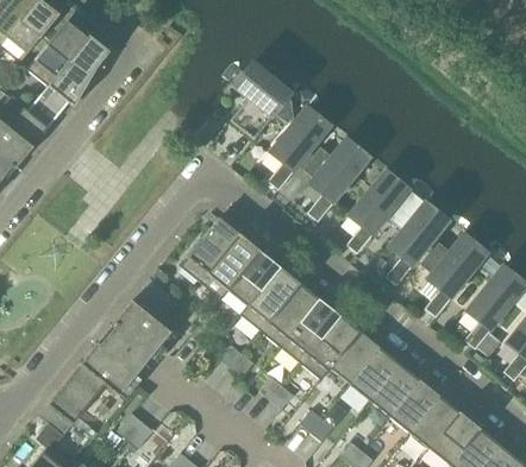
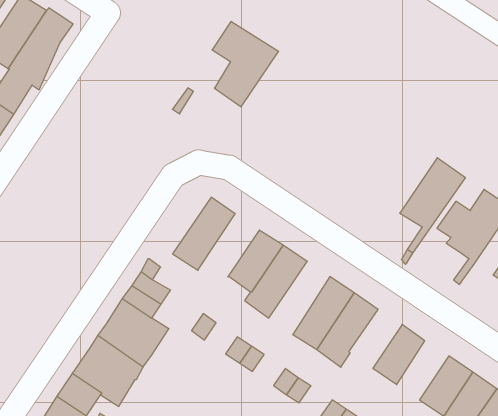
building: [268,106,331,189] -> none
building: [302,138,370,221] -> none
building: [349,170,409,253] -> none
building: [201,234,259,299] -> none
building: [261,283,319,347] -> none
building: [330,332,380,384] -> none
building: [370,364,419,416] -> none

